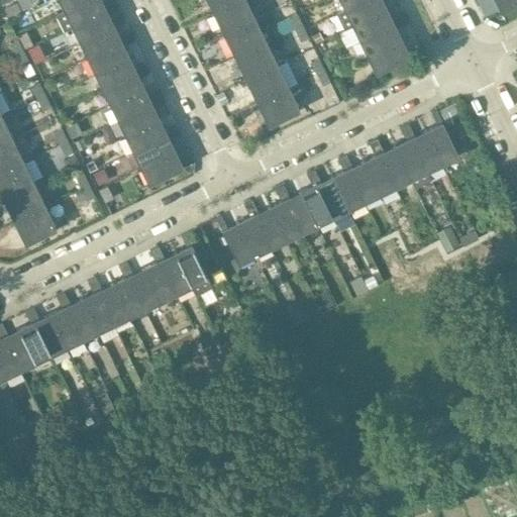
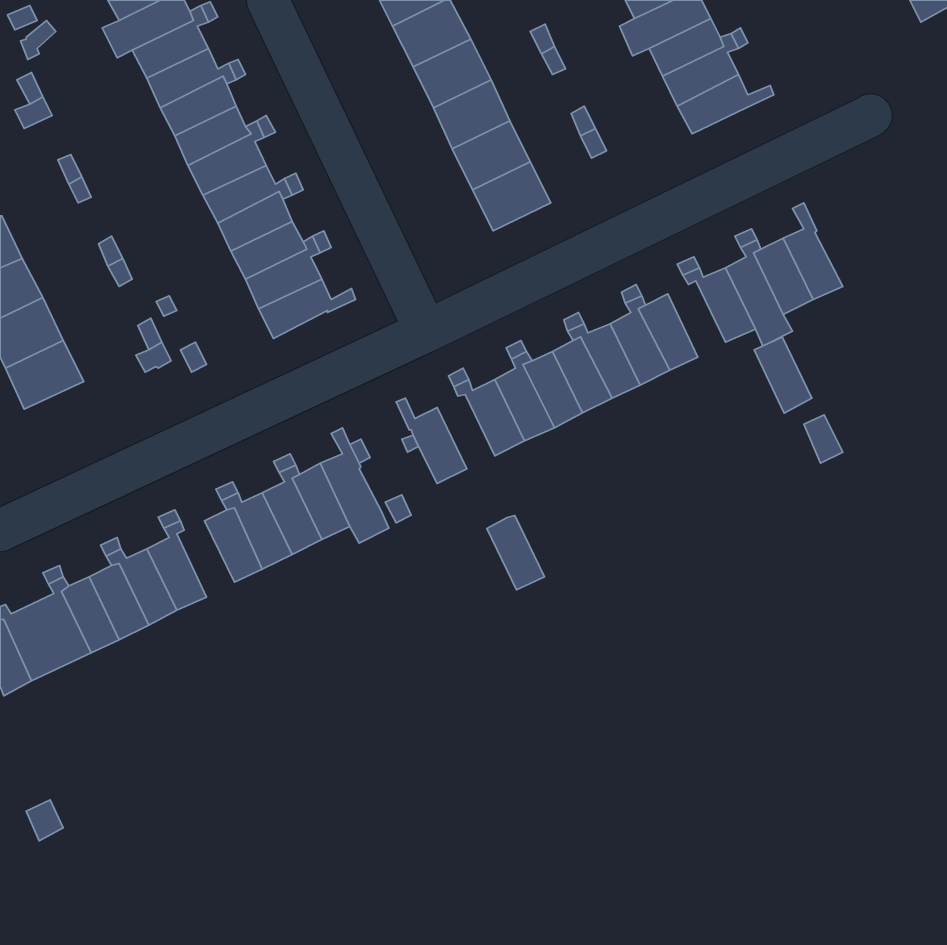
building: [365,156,396,197] -> [754,337,812,413]
building: [15,210,58,247] -> none
building: [239,217,271,257] -> [487,516,544,590]
building: [98,286,129,327] -> none

